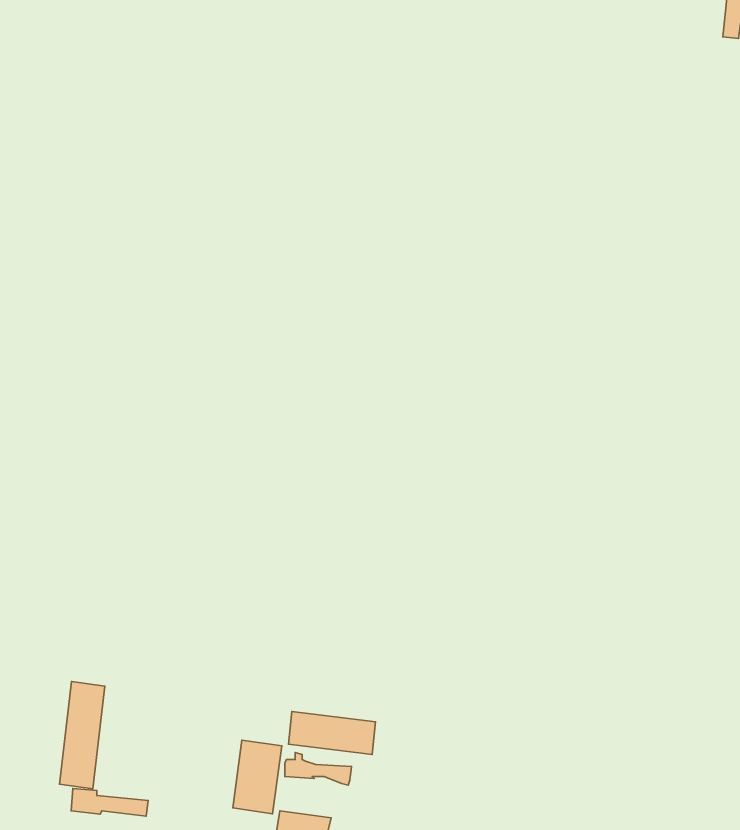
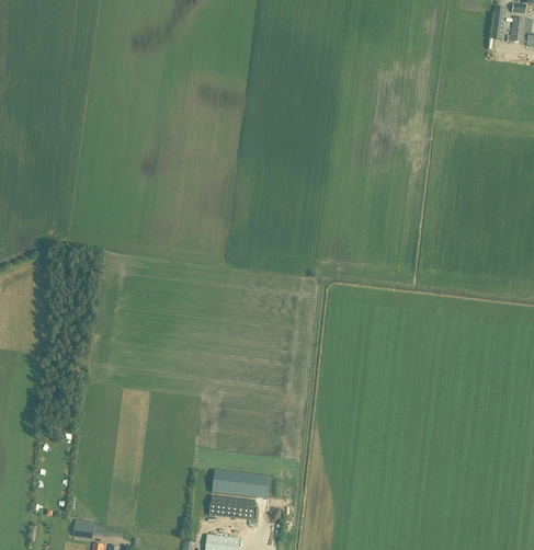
building: [59,682,105,789] -> none
building: [233,740,282,814] -> none

